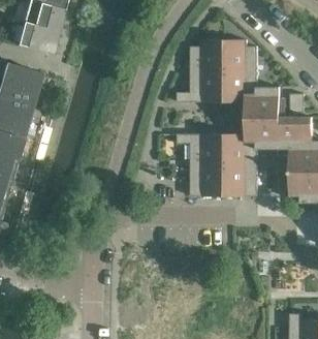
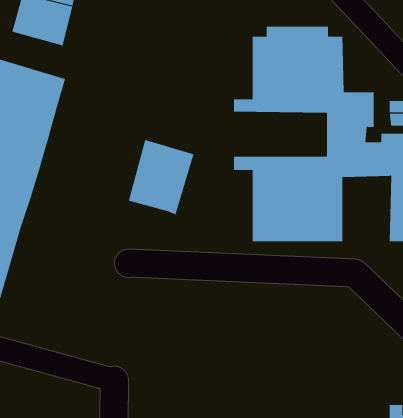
building: none -> [128,139,194,215]

